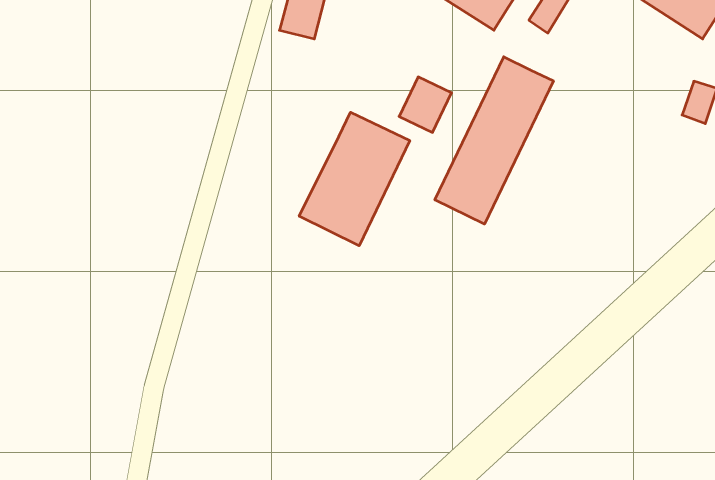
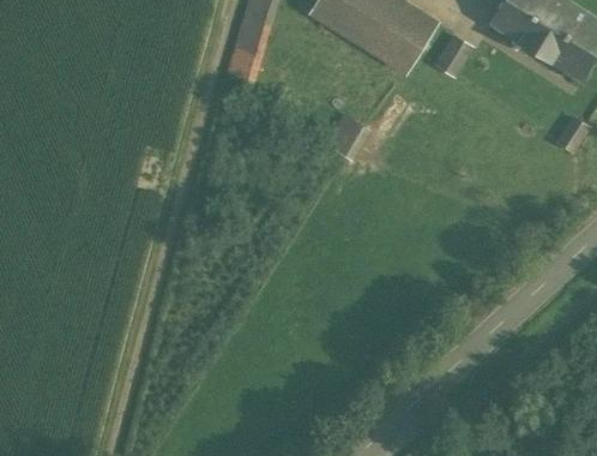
building: [435,57,553,224] -> none
building: [299,112,410,246] -> none

